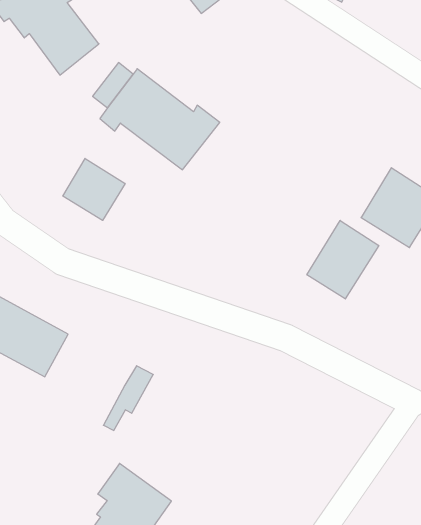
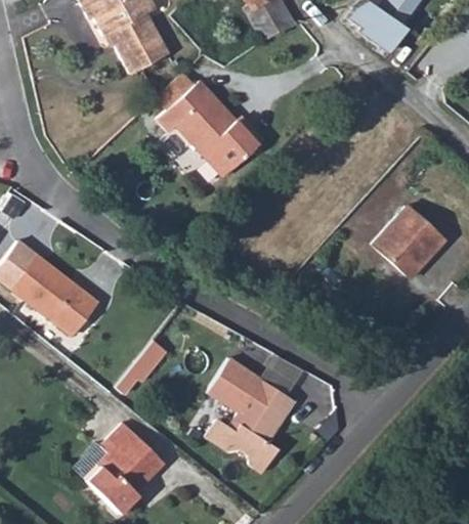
building: [63,158,125,220] -> none
building: [307,220,379,299] -> none
building: none -> [206,358,295,474]

